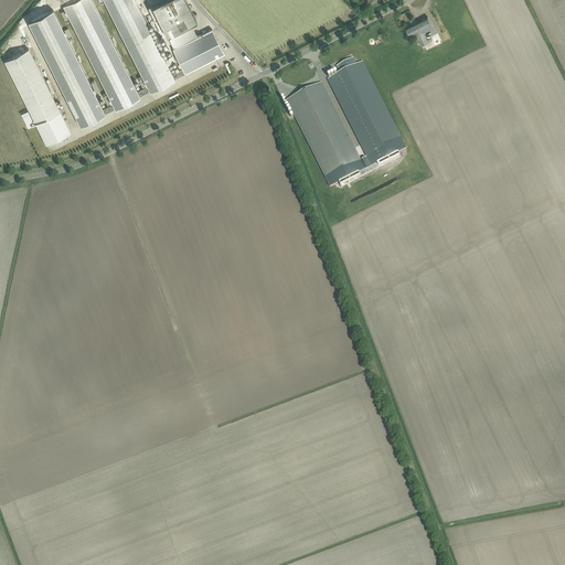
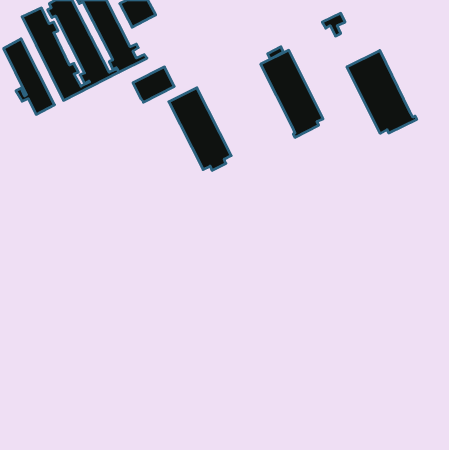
building: [171,29,223,73] -> [133,67,174,102]
building: none -> [347,50,417,133]
building: [286,84,364,188] -> [169,88,231,170]

